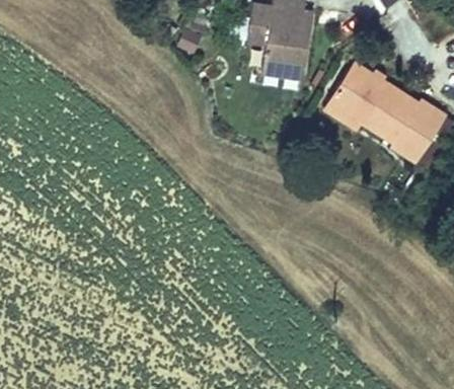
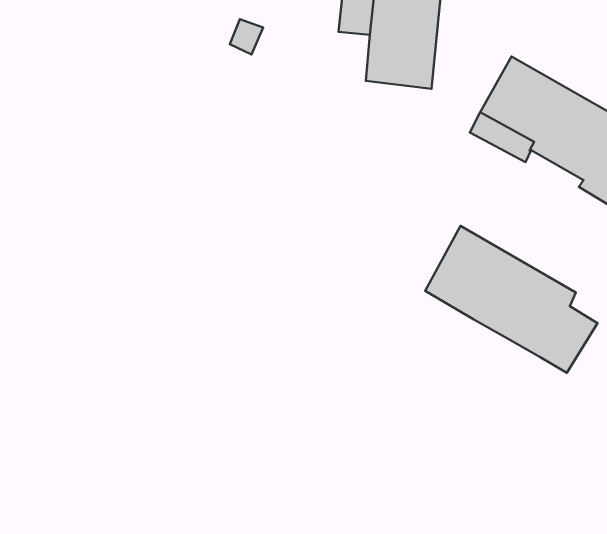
building: none -> [425,226,597,373]

